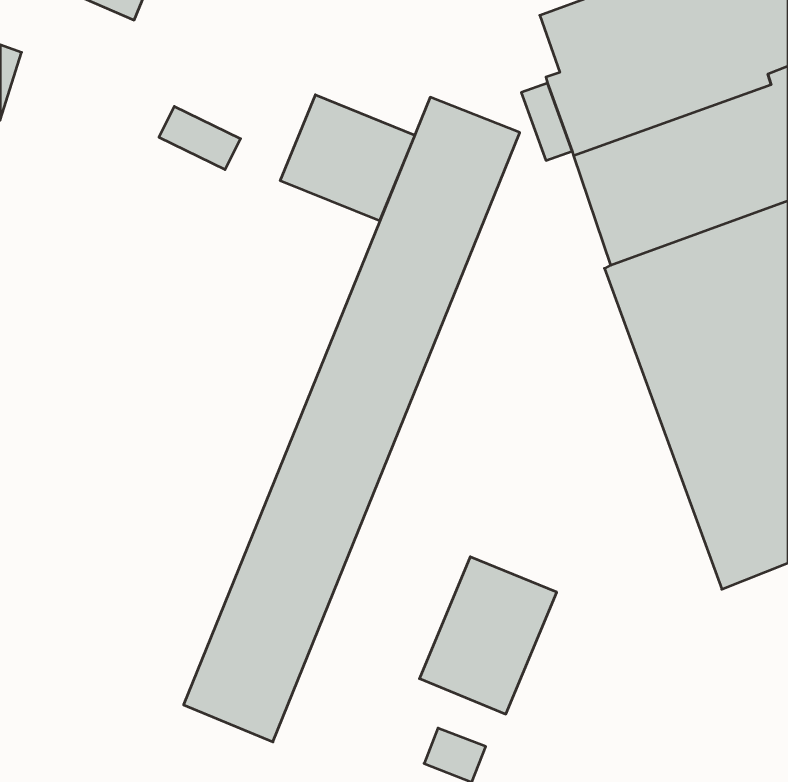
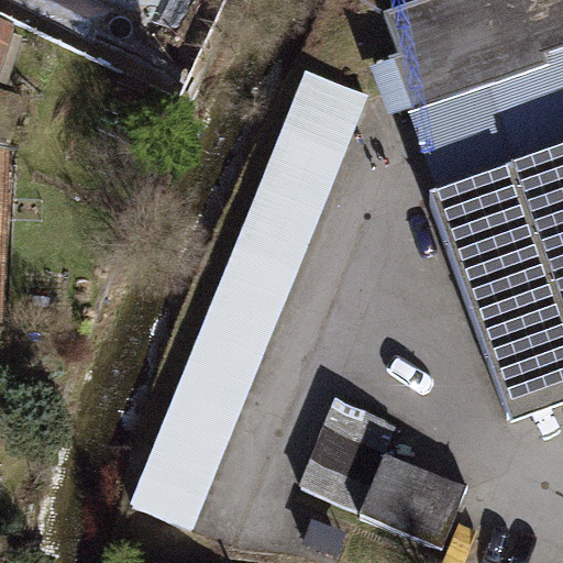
building: [280,95,415,221] -> none
building: none -> [362,453,467,548]

